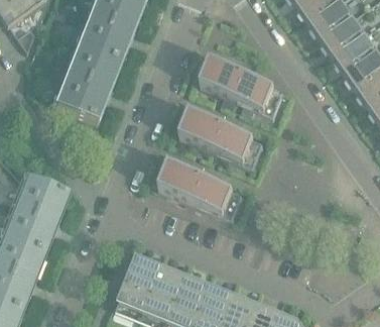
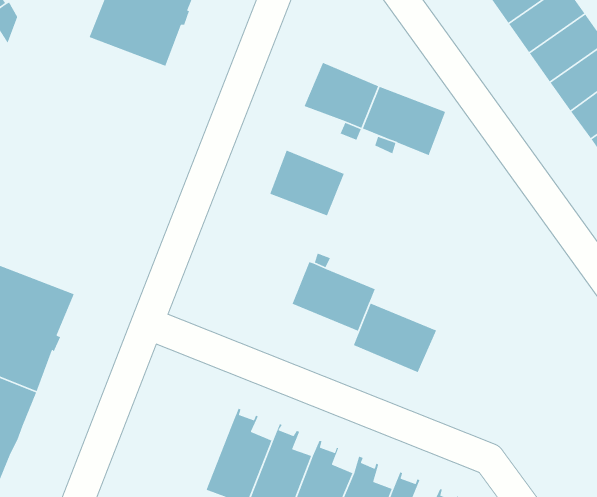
building: [51,46,120,122] -> none
building: [215,126,264,168] -> [353,303,437,373]
building: [159,165,204,203] -> none
building: [120,254,158,312] -> none

